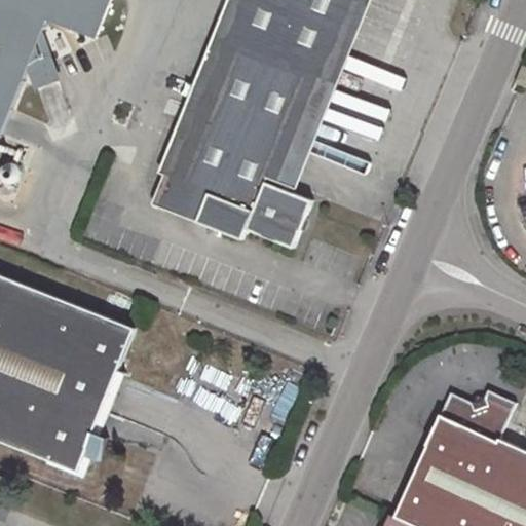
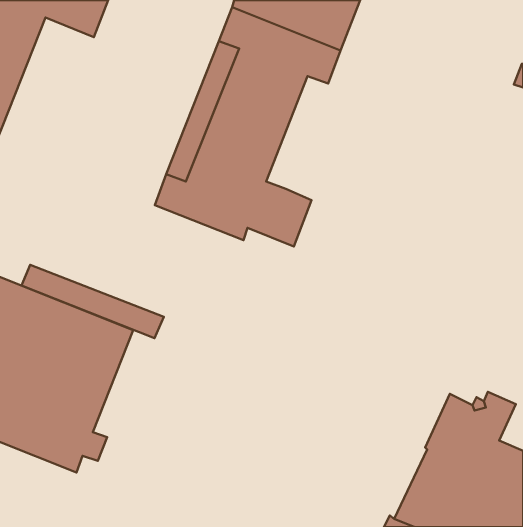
building: [265,76,327,188] -> none
building: none -> [22,265,164,338]

